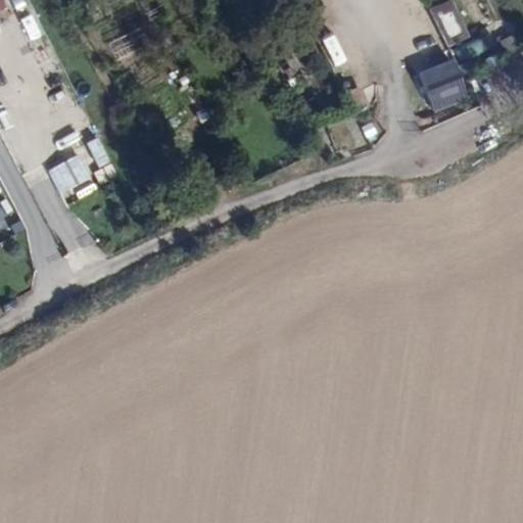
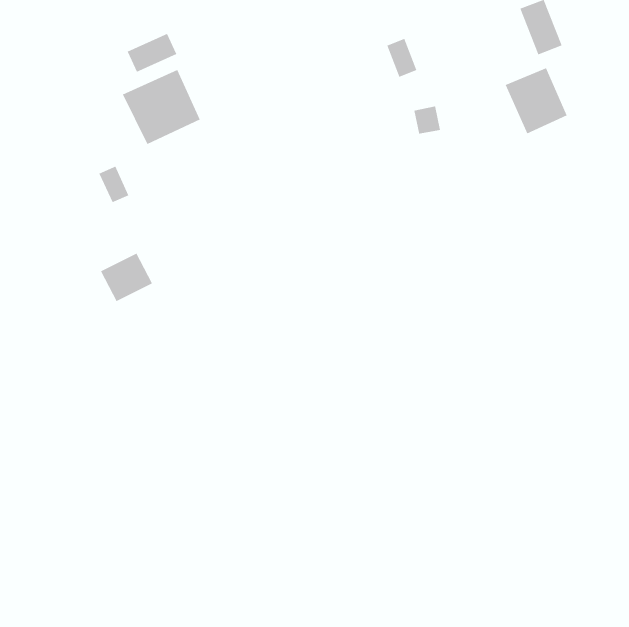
building: none -> [122,69,201,145]
building: [46,154,90,195] -> [100,253,153,302]

